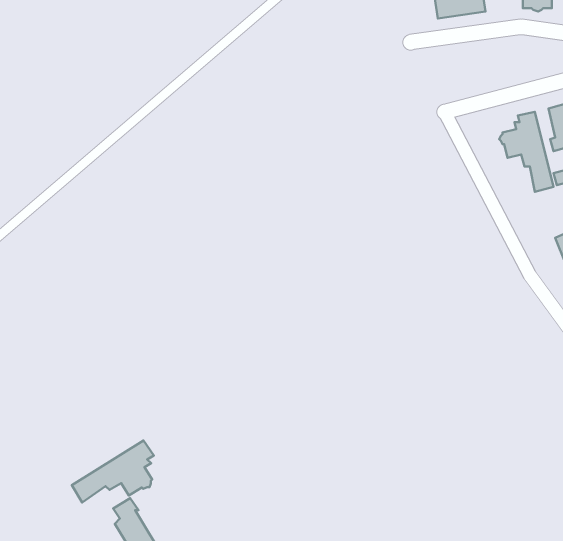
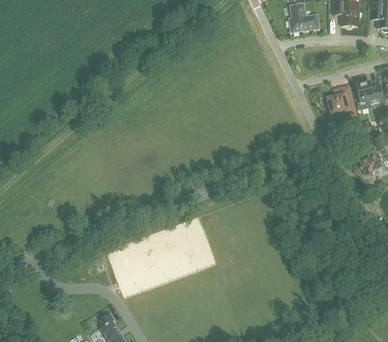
building: [72,441,154,502] -> none

